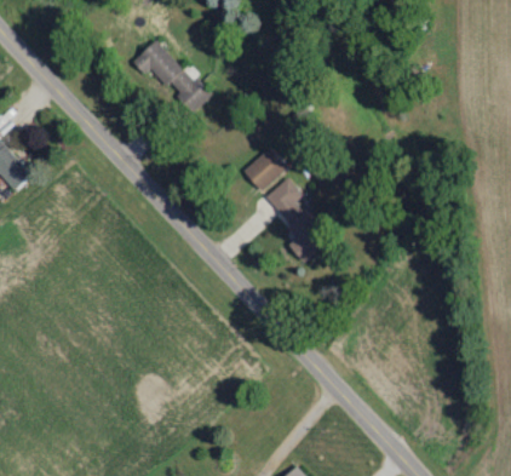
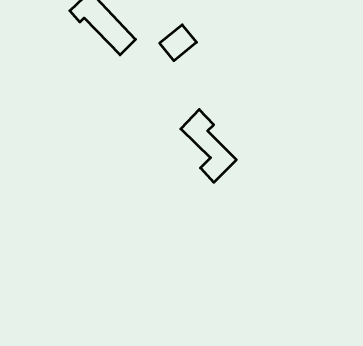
building: [242,148,286,190] -> [160,25,197,61]

